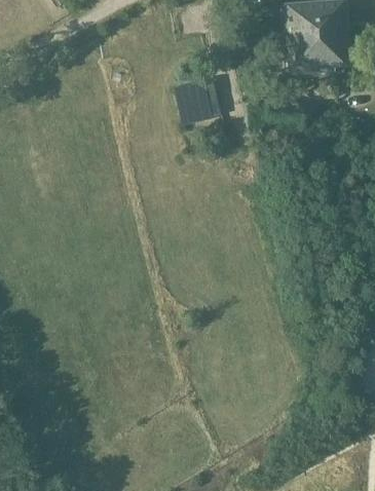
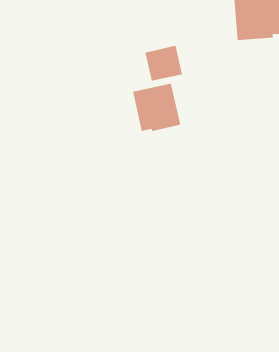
building: none -> [133,83,181,132]

